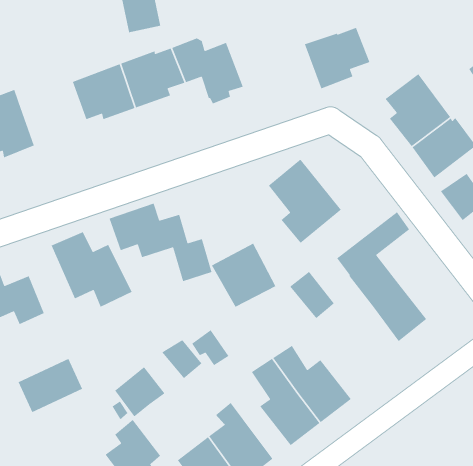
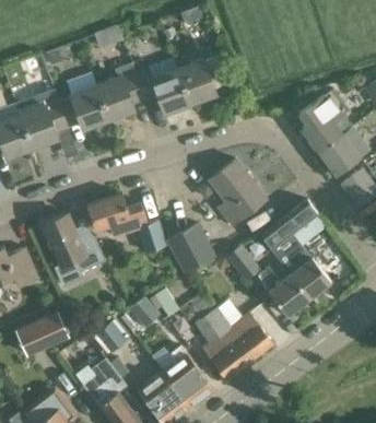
building: [304,27,371,89] -> [177,56,228,104]
building: none -> [14,90,69,149]
building: none -> [257,267,309,316]

